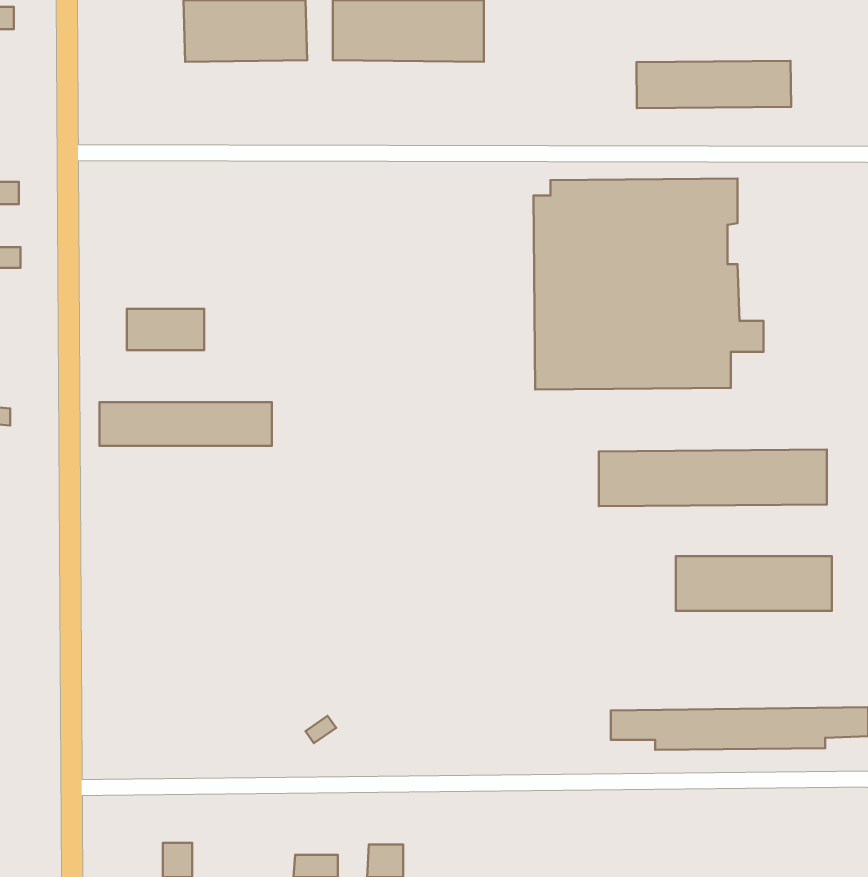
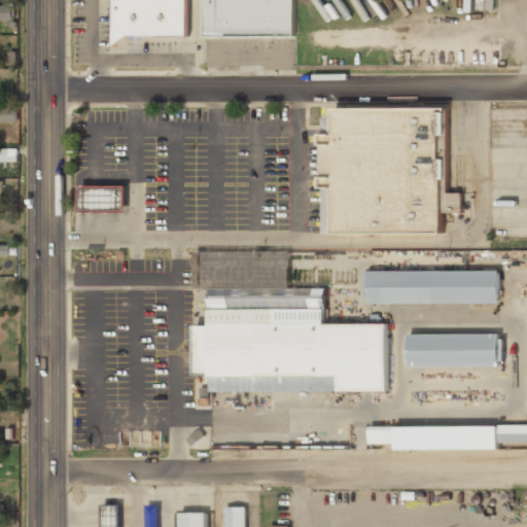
building: [637,61,791,108] -> none
building: [99,402,272,446] -> none
building: none -> [190,251,385,391]

